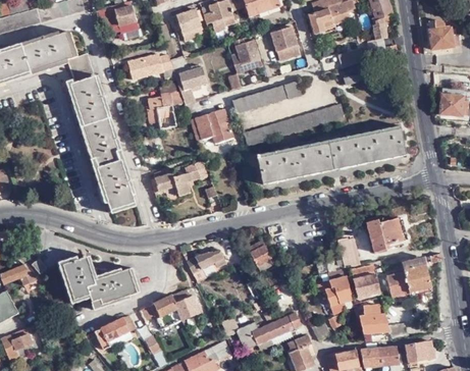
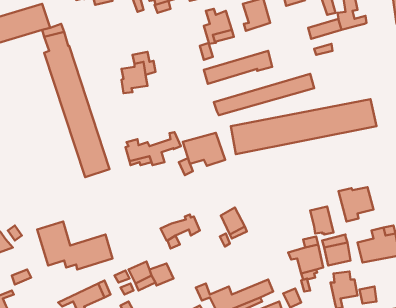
building: [128,53,173,78] -> none
building: [175,66,207,102] -> none
building: [190,109,232,143] -> [183,133,225,166]

